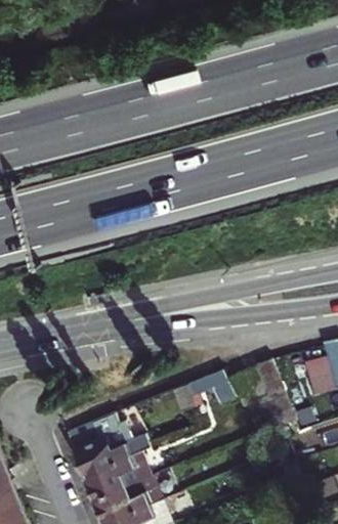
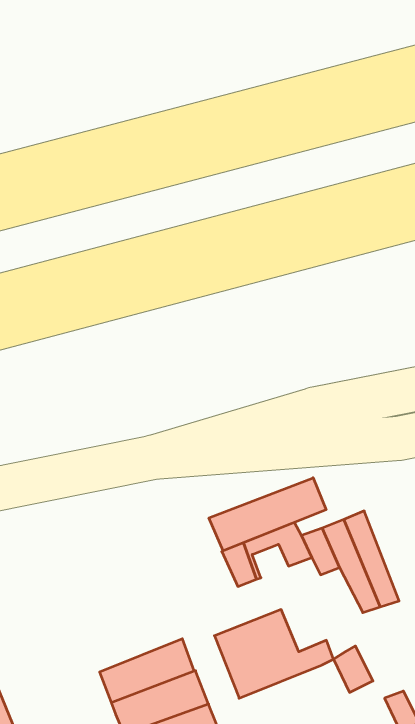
building: none -> [209,478,326,551]
building: [67,413,151,476] -> [214,610,334,698]

